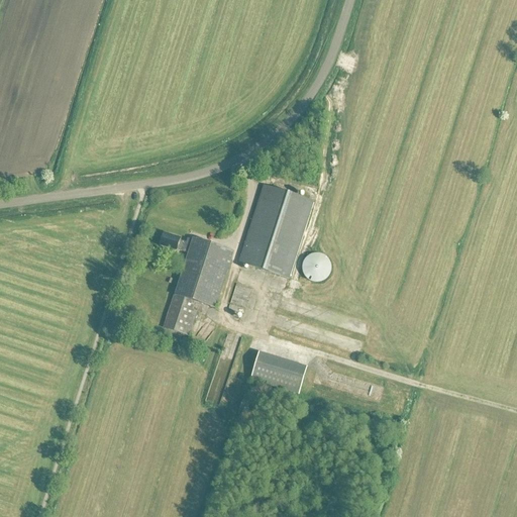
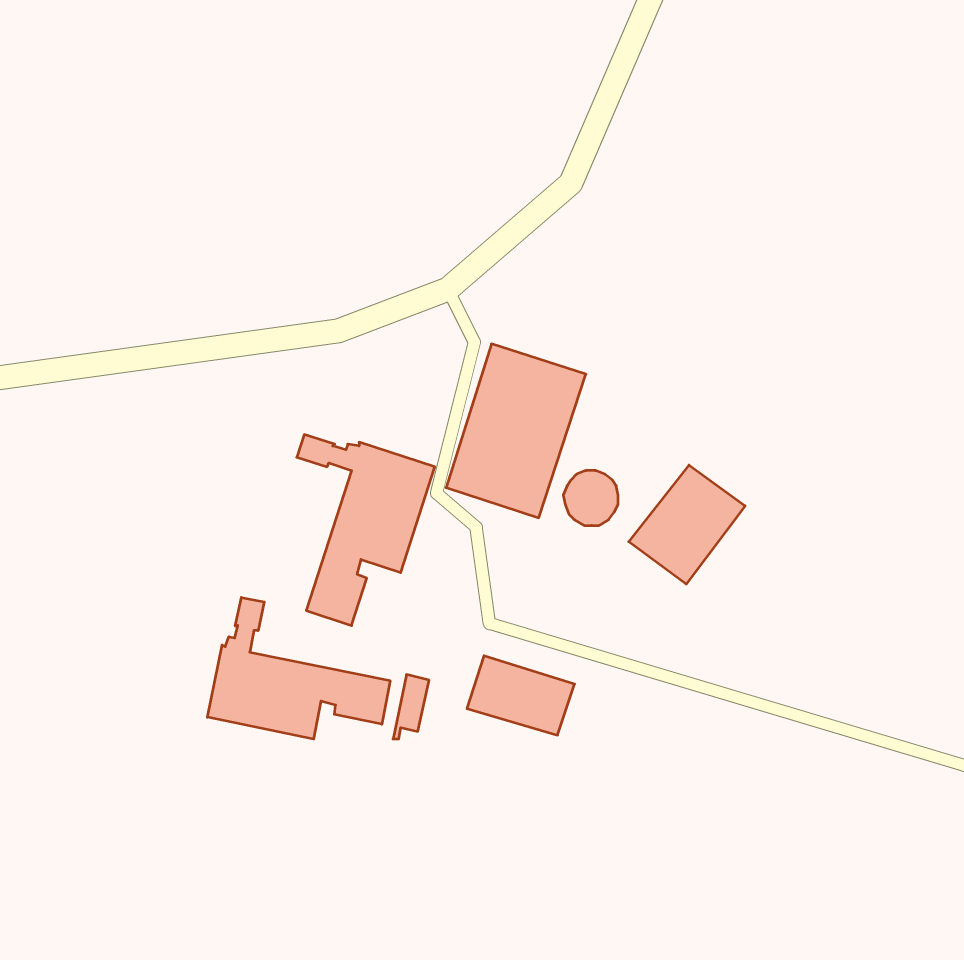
building: none -> [629,465,745,584]
building: none -> [207,597,390,739]

